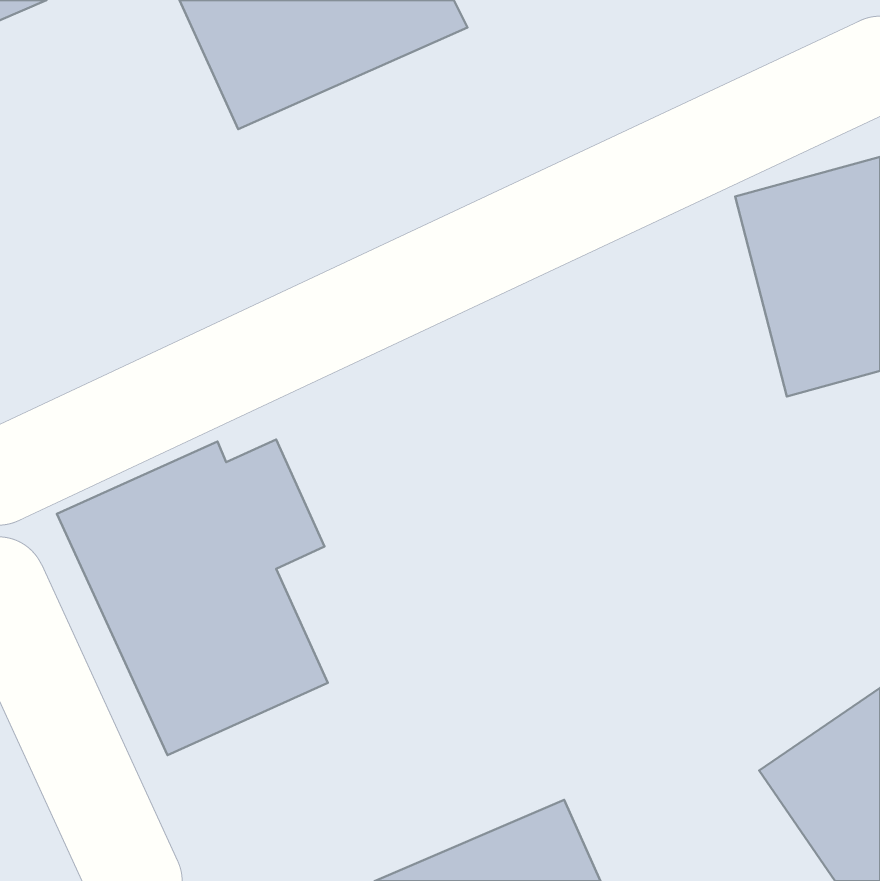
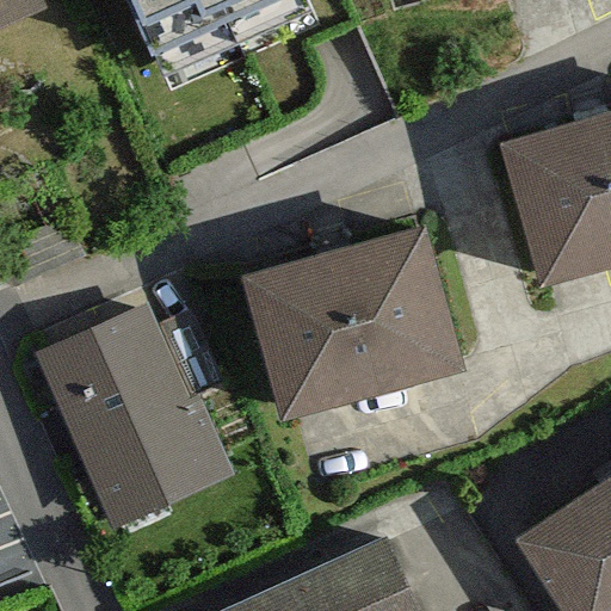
building: none -> [245,230,457,411]

